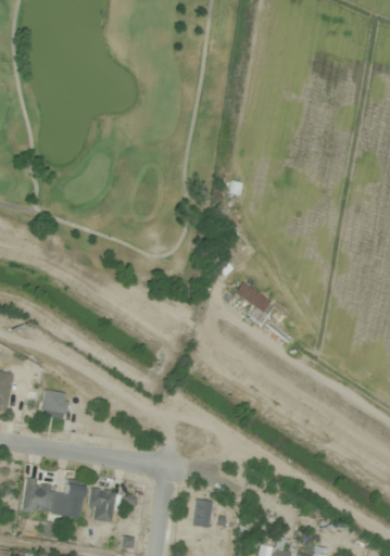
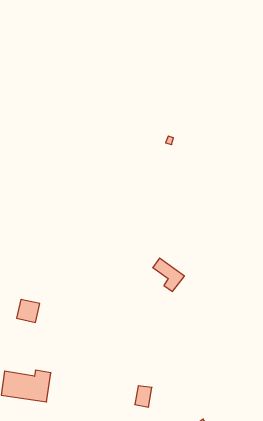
building: [235,282,275,325] -> [153,258,184,291]
building: [88,486,116,521] -> none

